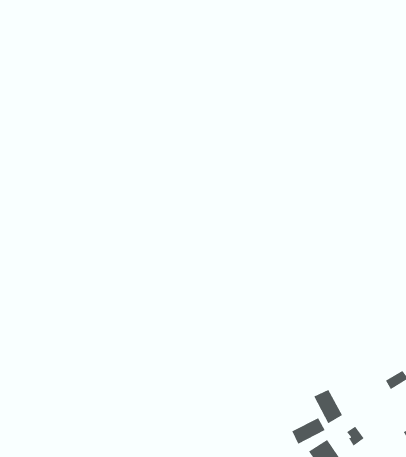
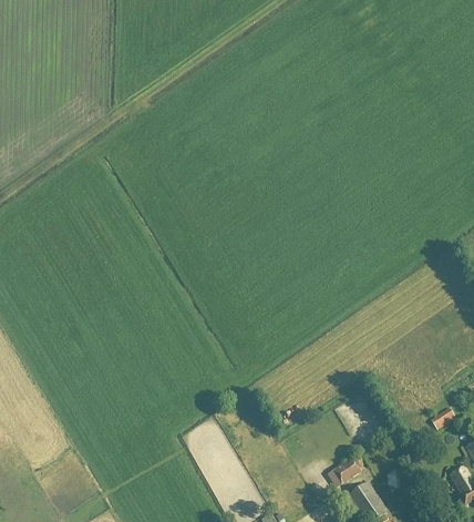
building: [314,389,343,424] -> none

